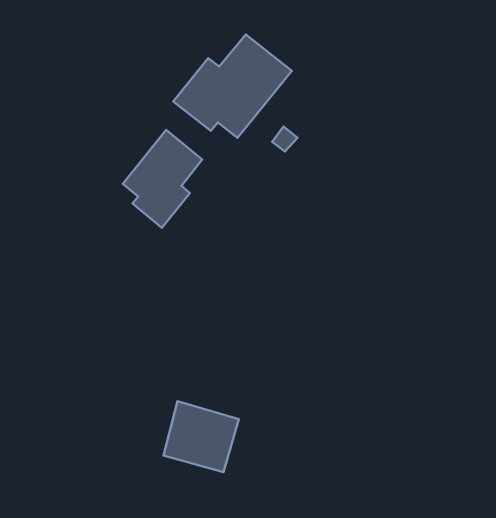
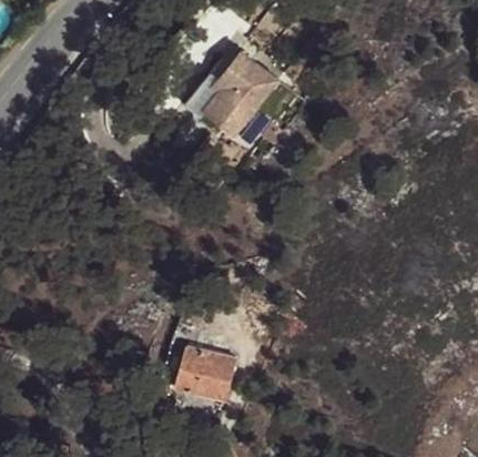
building: [123,130,202,228] -> none

